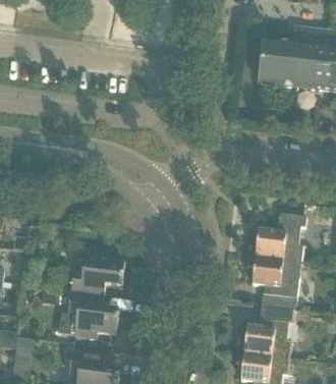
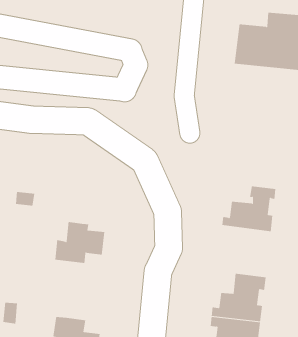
building: [247,254,301,309] -> none
building: [68,290,119,337] -> none

